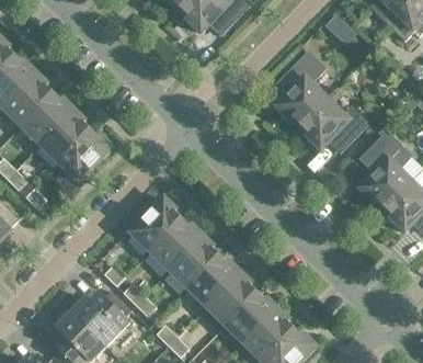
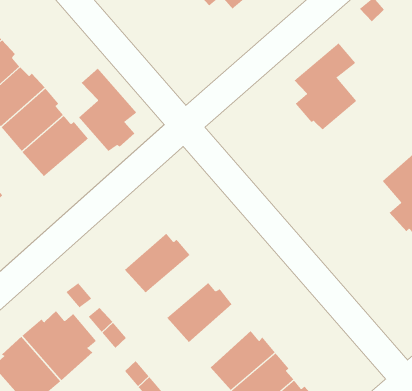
building: none -> [78,68,137,152]
building: [300,99,366,150] -> none
building: [129,197,181,251] -> none
building: [168,235,218,287] -> none
building: [206,272,255,325] -> none

